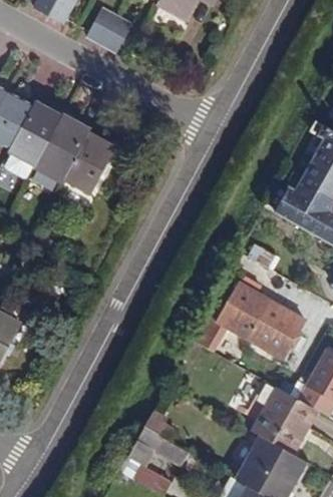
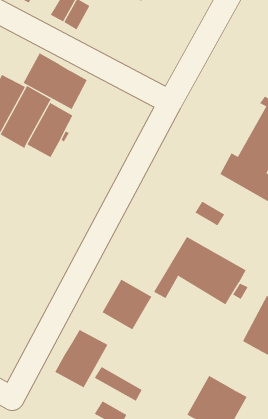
building: none -> [23,53,87,110]
building: none -> [102,279,152,330]
building: [246,378,319,453] -> none
building: none -> [55,329,108,388]

